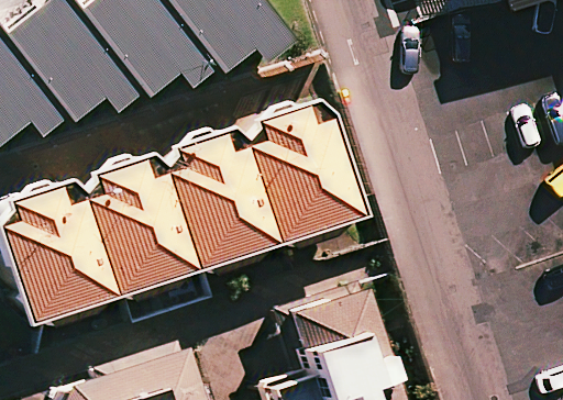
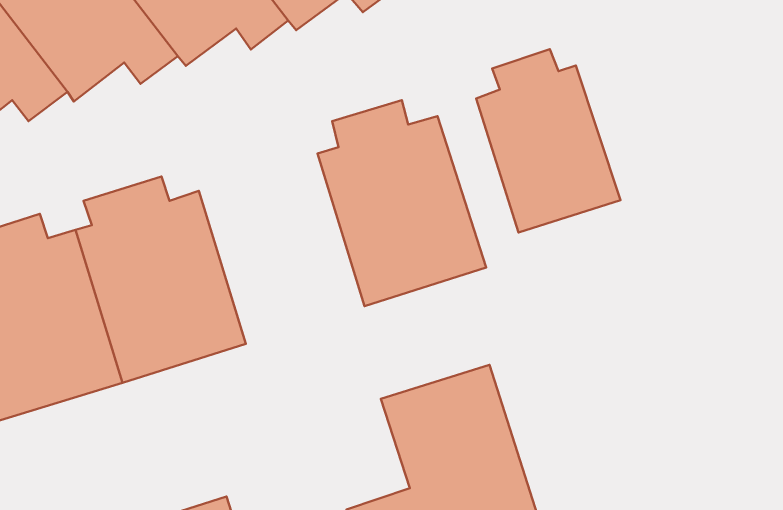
building: none -> [476,49,621,233]
building: [162,131,274,274] -> none

